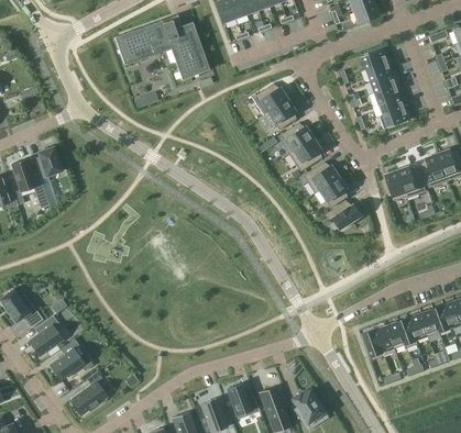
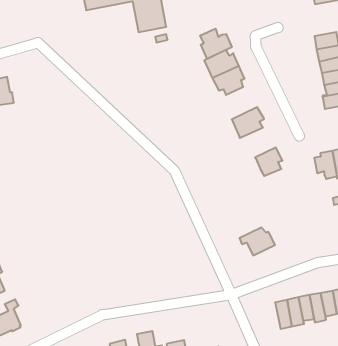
building: none -> [200,29,232,59]
building: [278,122,315,154] -> none
building: [305,160,340,193] -> none
building: [326,200,363,230] -> [239,228,275,255]

